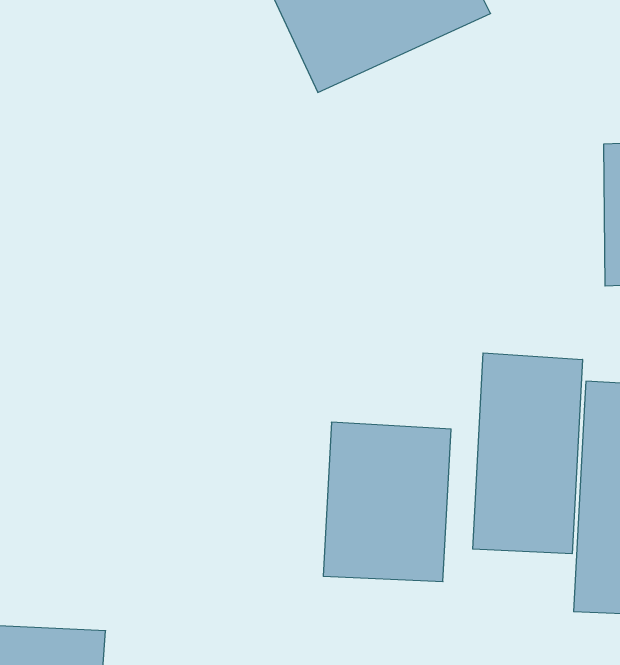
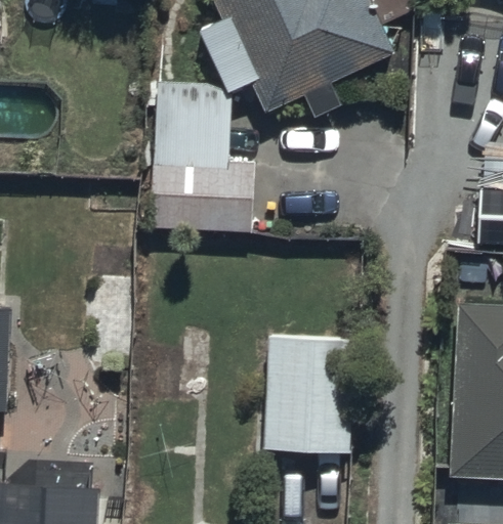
building: none -> [148,87,257,232]
building: [473,353,582,554] -> none

